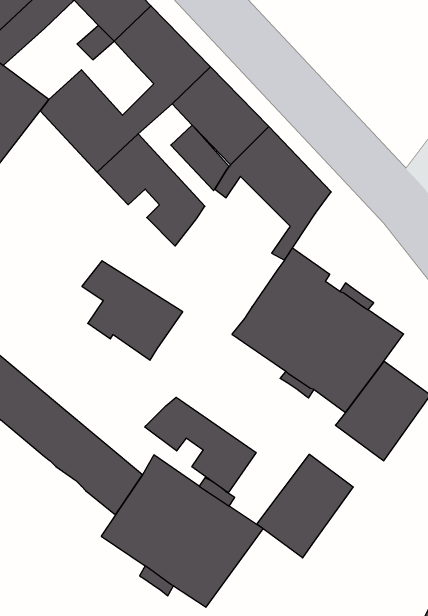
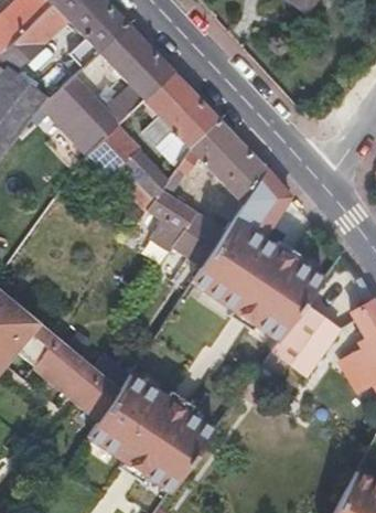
building: none -> [236,169,290,233]
building: [82,261,183,360] -> [147,190,225,267]
building: [145,397,256,493] -> none
building: [257,454,353,558] -> none

